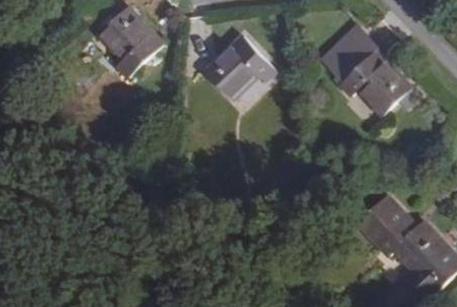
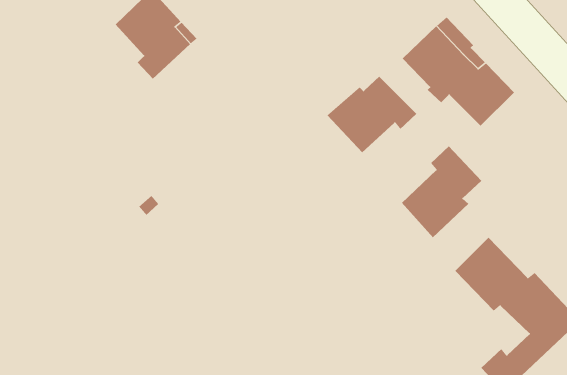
building: [206,39,276,99] -> [327,76,417,153]
building: none -> [401,145,482,238]

